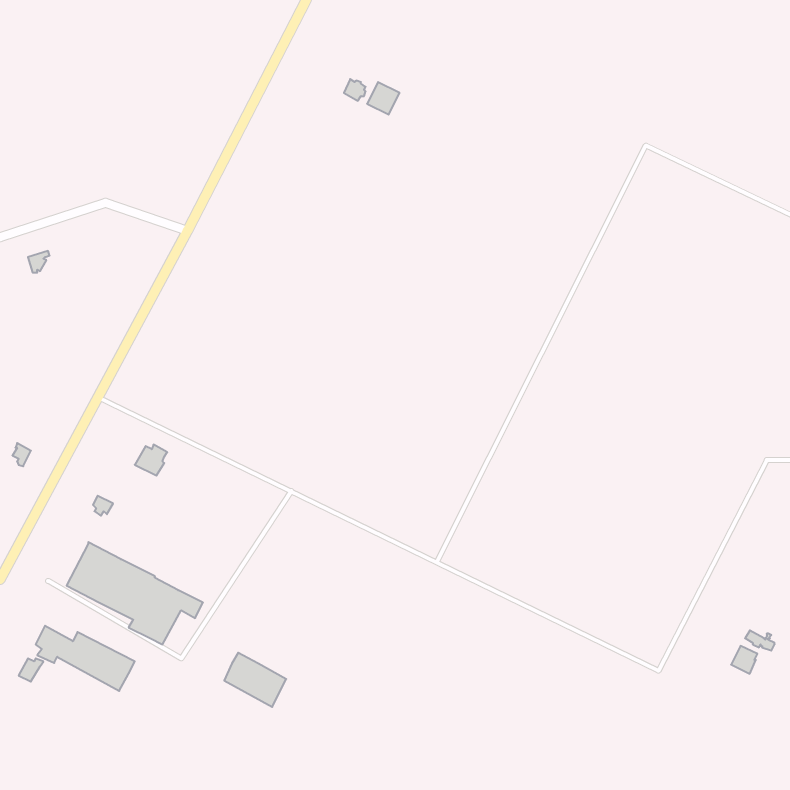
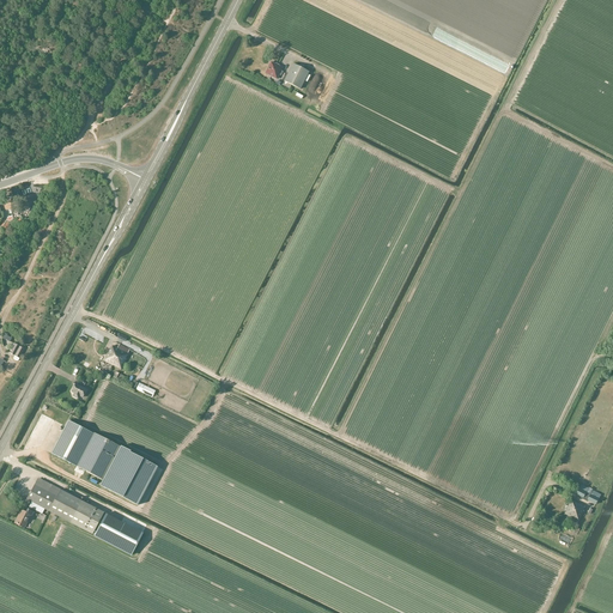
building: [224,653,286,707] -> [96,512,144,554]

